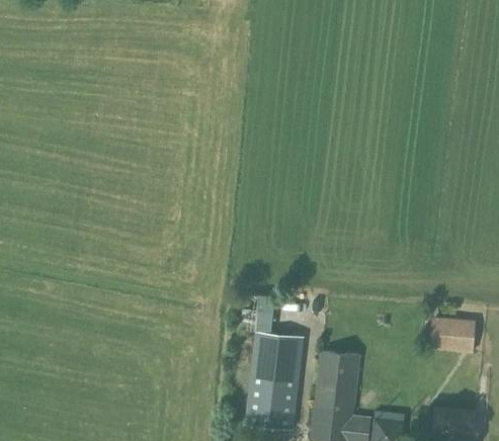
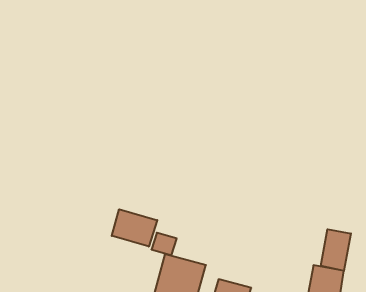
building: none -> [321,229,351,271]
building: none -> [112,209,157,247]

